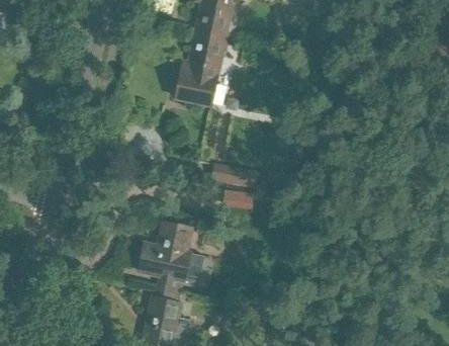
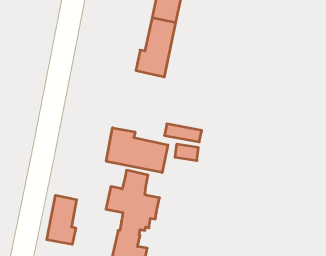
building: none -> [106,128,168,173]
building: none -> [47,195,77,244]

